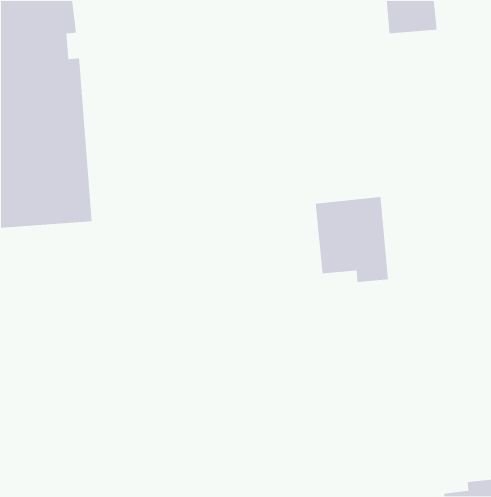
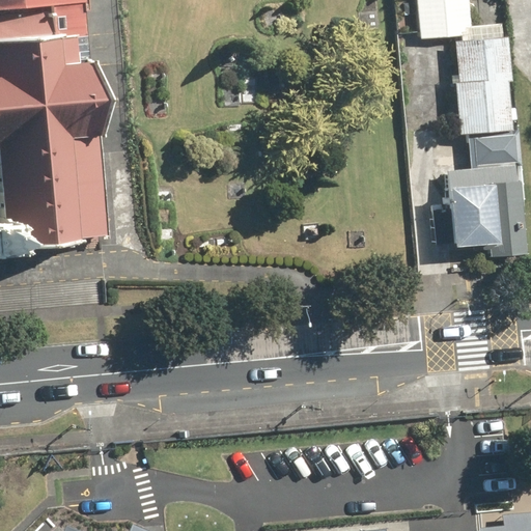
building: none -> [454,33,512,134]
building: [315,196,389,283] -> [446,163,525,255]

